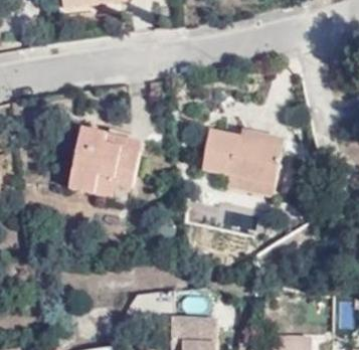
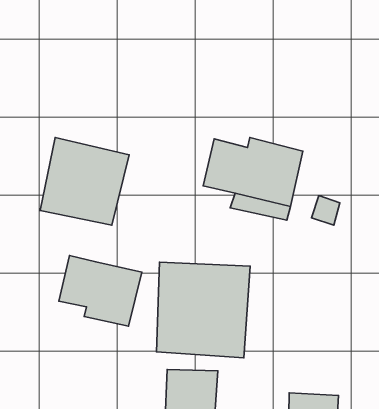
building: none -> [59,255,142,326]
building: none -> [157,262,250,358]

